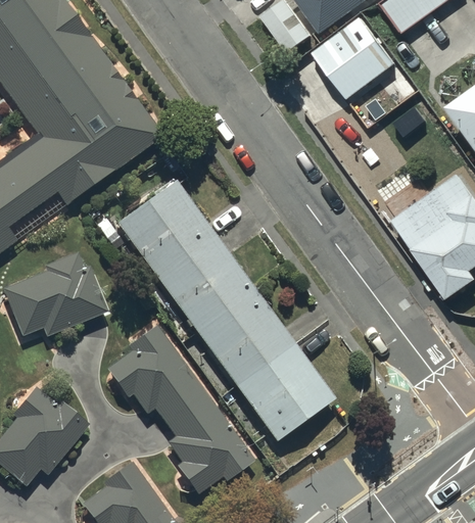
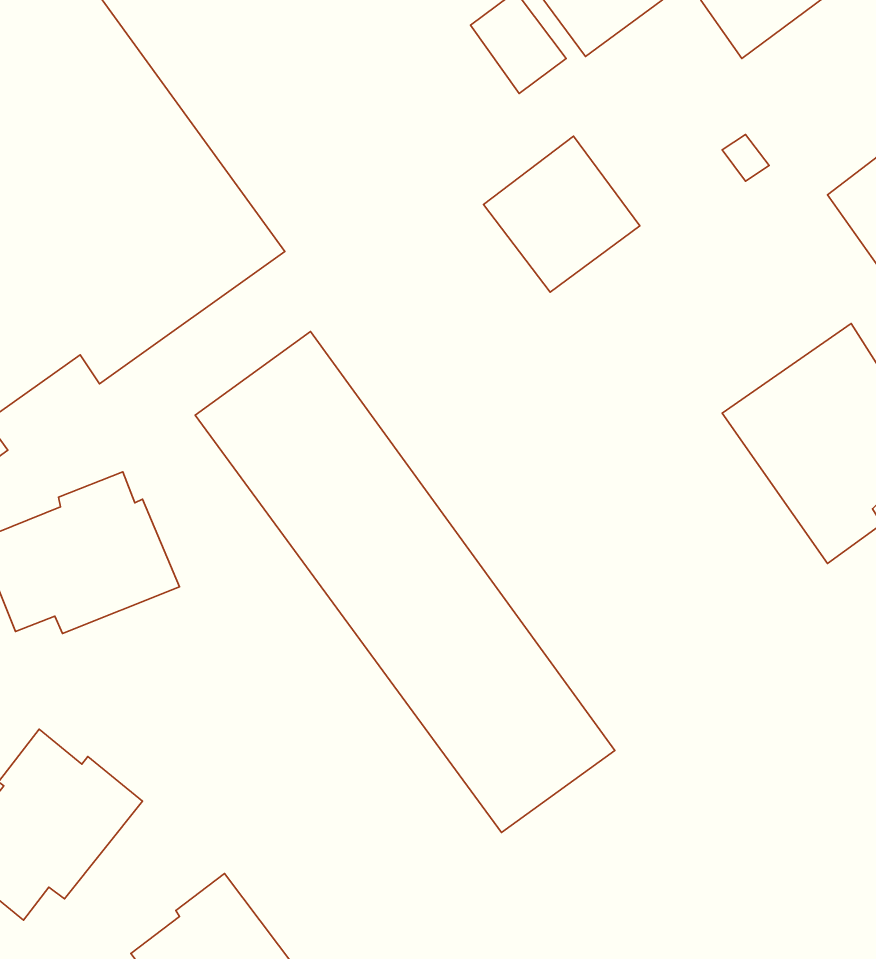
building: [314,16,395,98] -> [484,136,640,292]
building: [107,321,255,492] -> none

